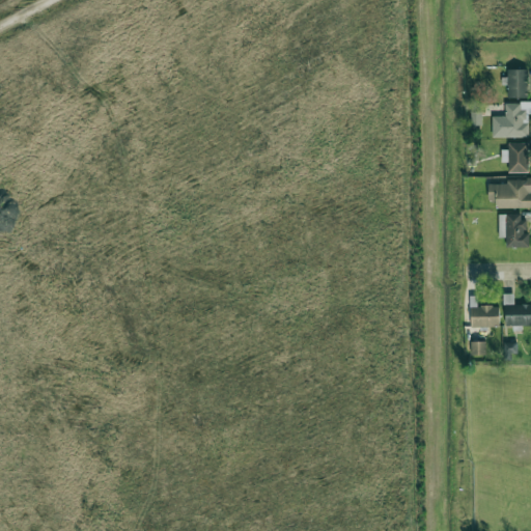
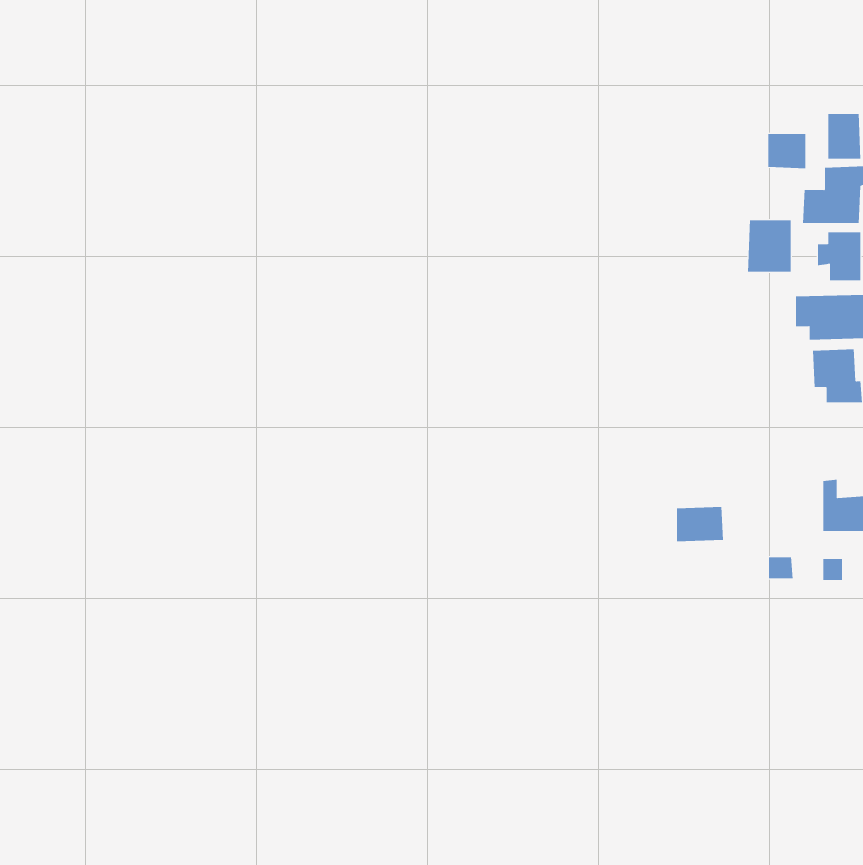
building: none -> [768,133,806,169]
building: none -> [747,219,791,273]
building: [472,306,501,328] -> [676,506,724,542]

